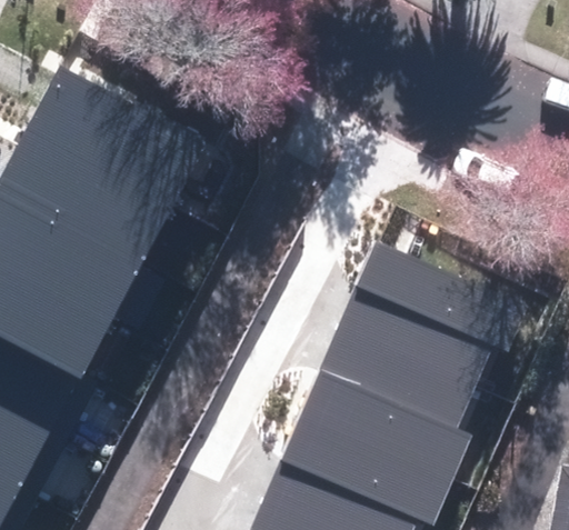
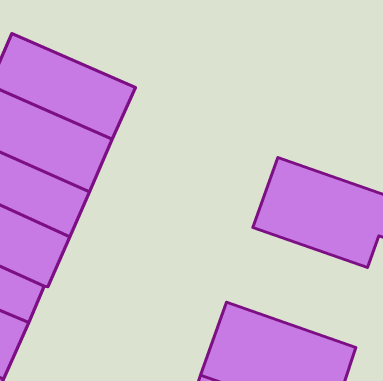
building: [299,326,475,481] -> none

